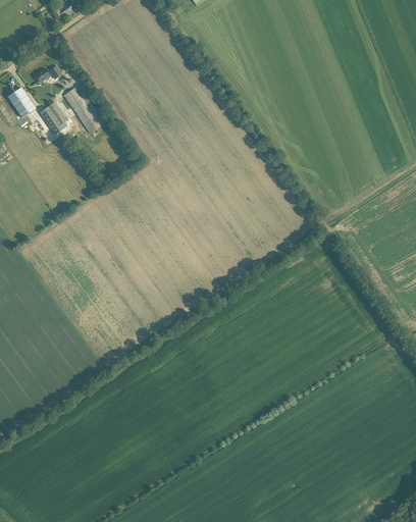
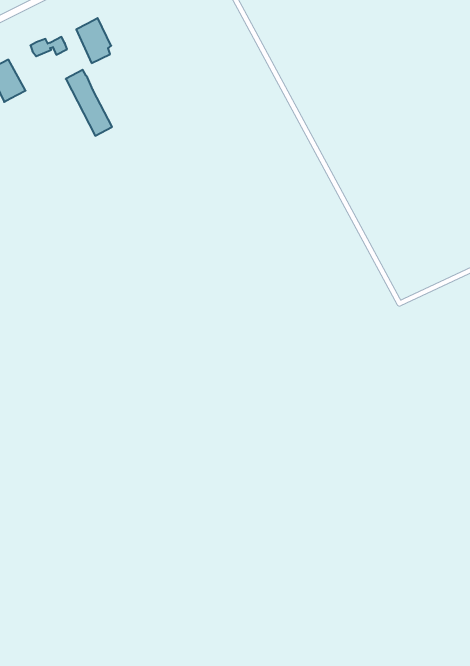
building: [40,102,66,135] -> [76,18,111,63]

